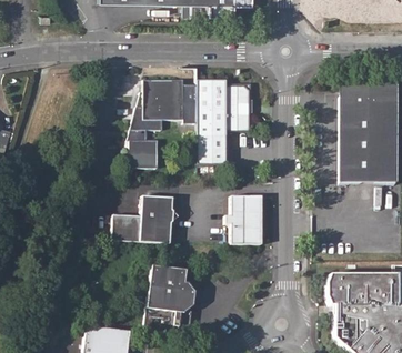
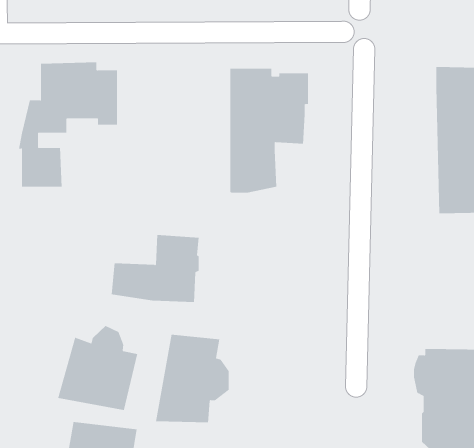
building: [127,79,197,167] -> [18,62,118,187]
building: [227,195,265,244] -> none
building: none -> [57,325,138,411]

